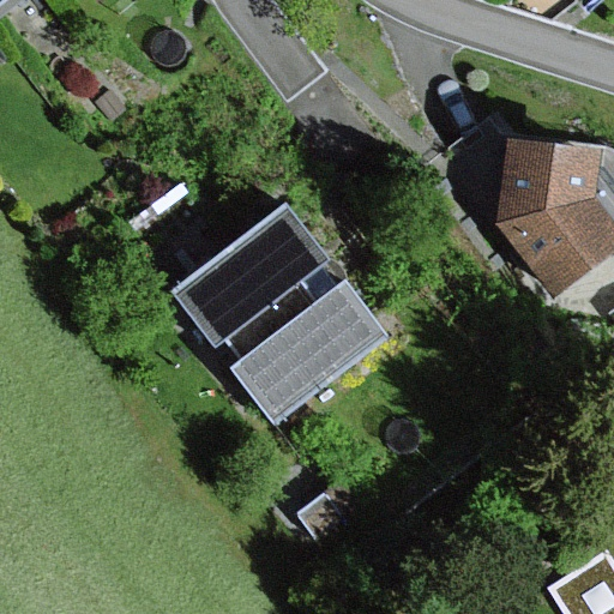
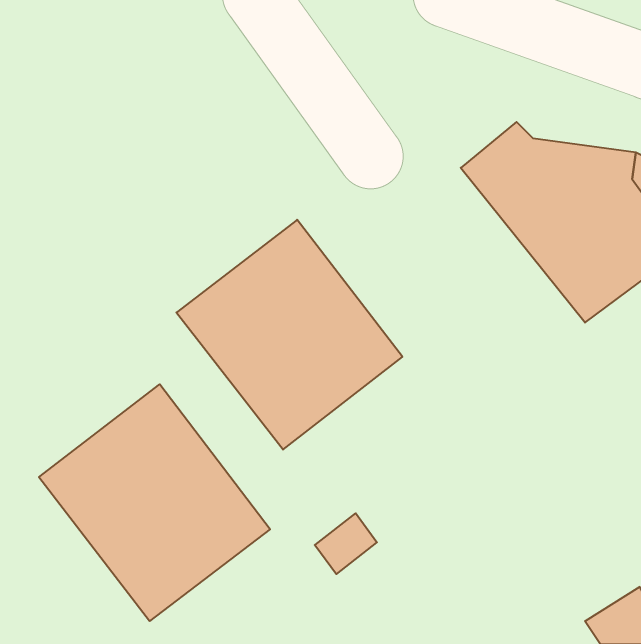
building: none -> [39,384,270,621]

